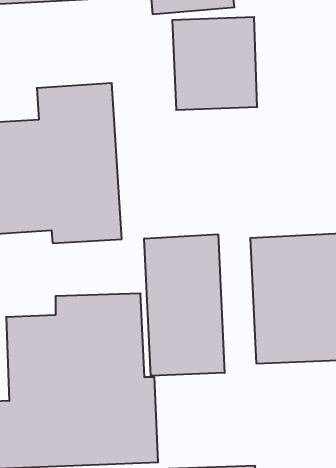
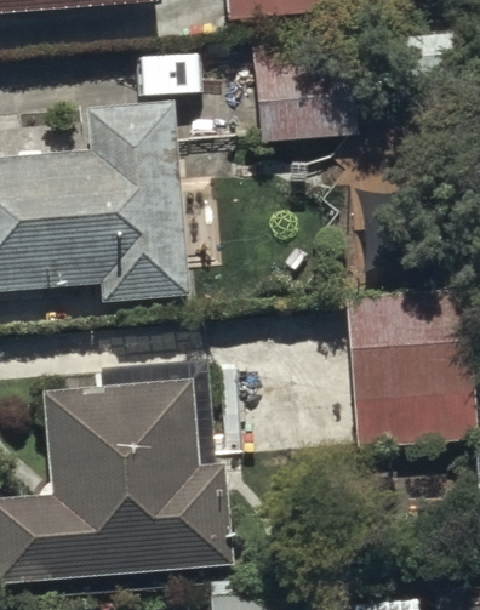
building: [144,234,225,376] -> none

